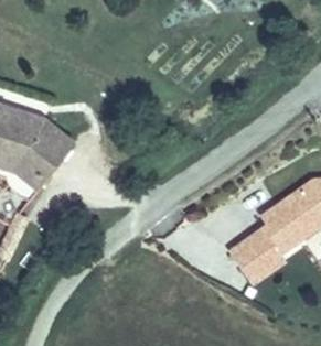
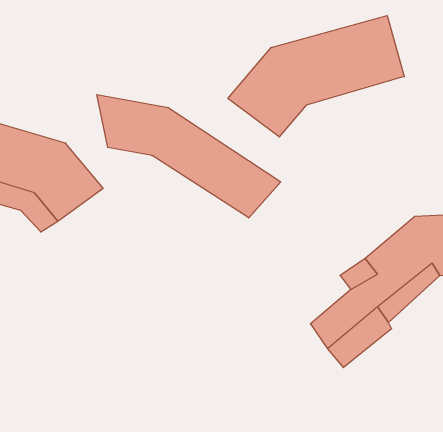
building: none -> [228,16,404,137]
building: none -> [97,95,281,218]

